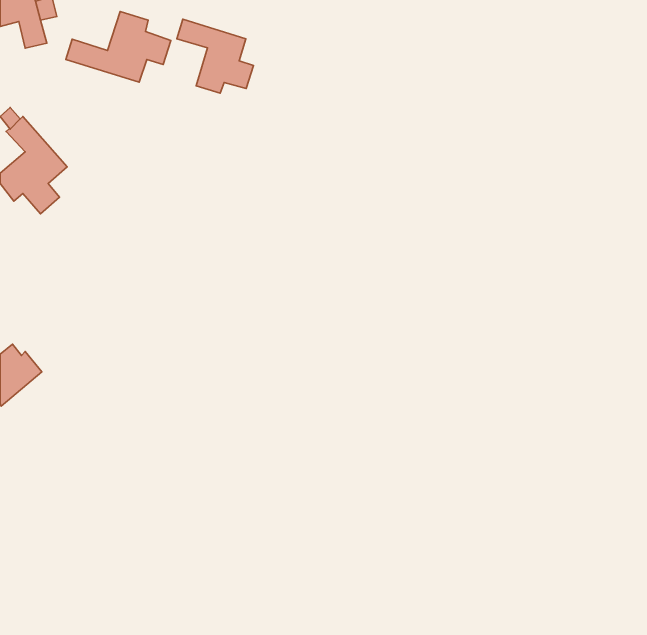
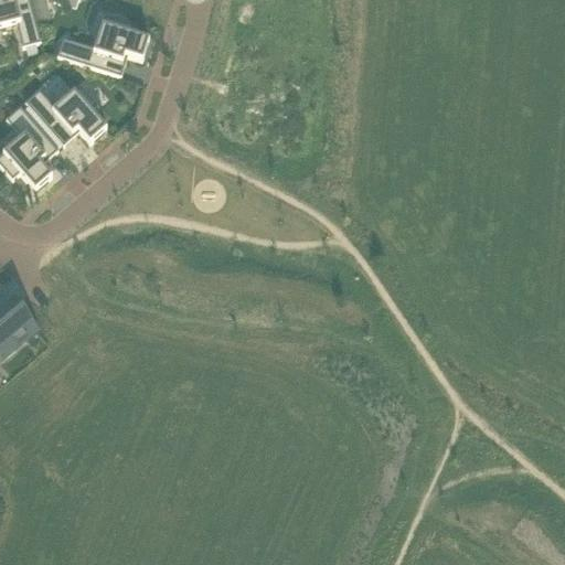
building: [177,19,253,93] -> none
building: none -> [25,81,107,141]

